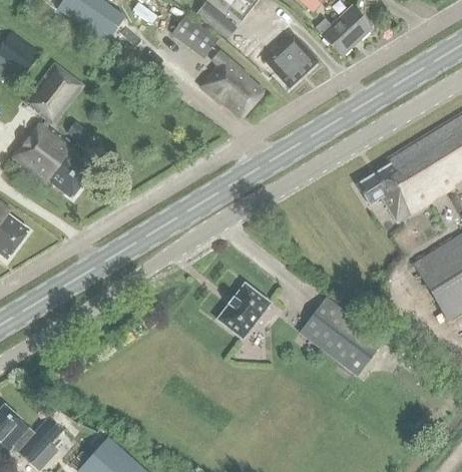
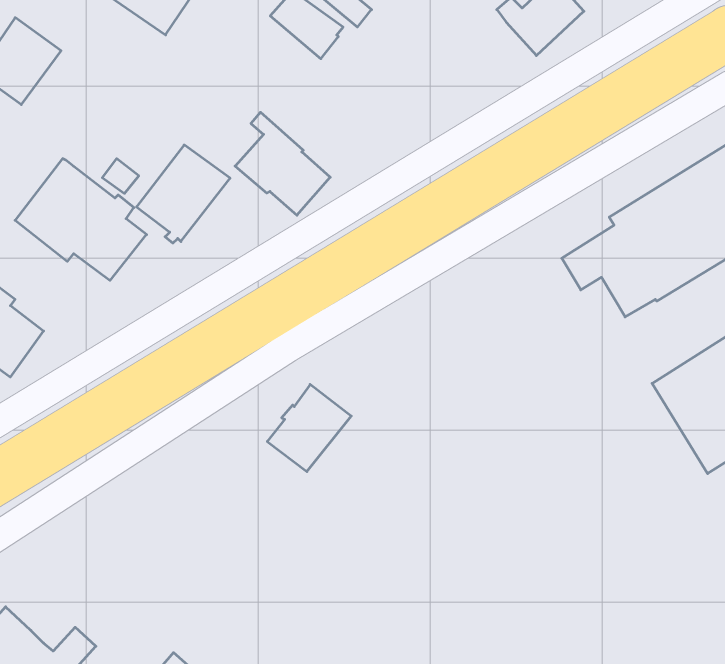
building: [262,34,318,88] -> none
building: [202,52,263,117] -> [235,112,330,215]
building: [25,64,84,126] -> [137,145,230,243]
building: [217,284,271,339] -> [267,384,351,472]
building: [299,297,384,376] -> none

